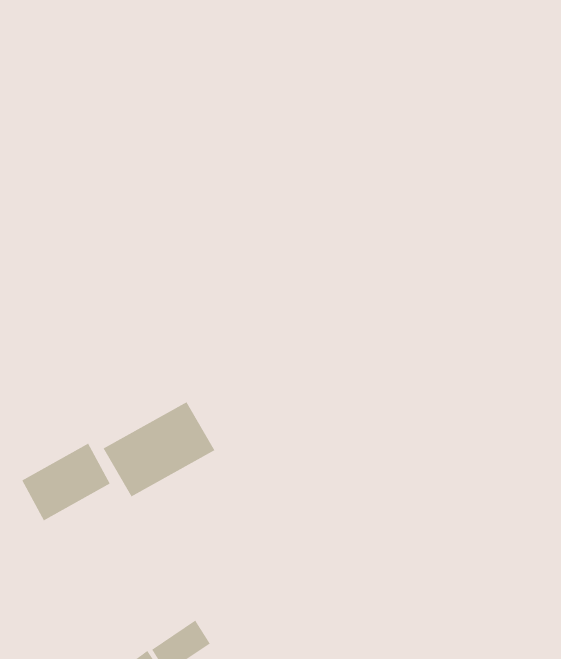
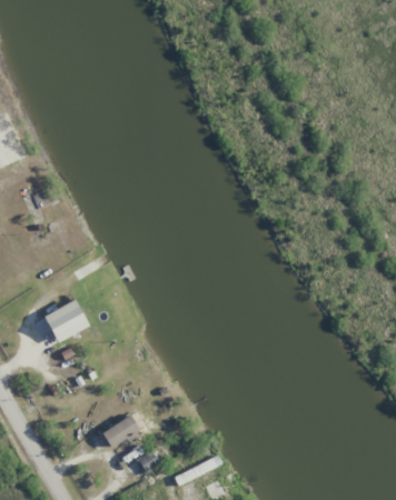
building: [103,401,216,498] -> none

